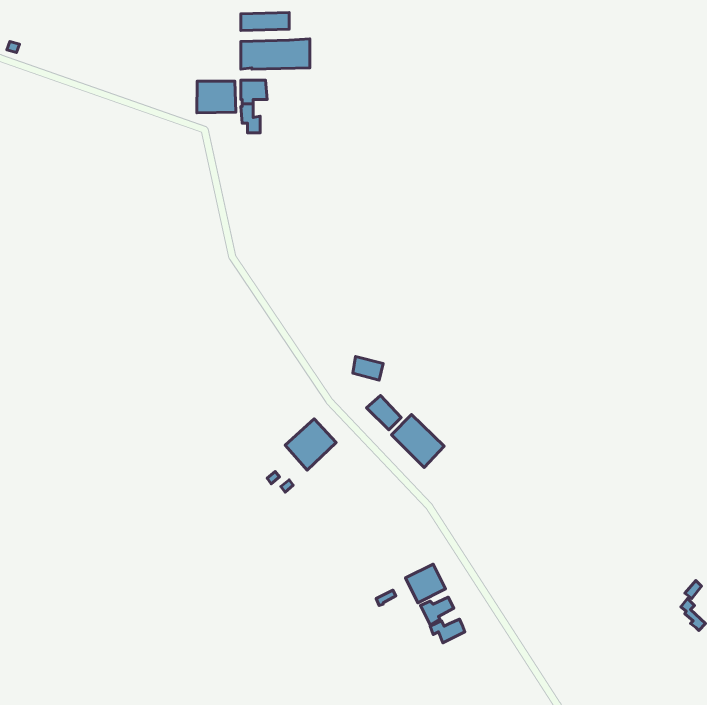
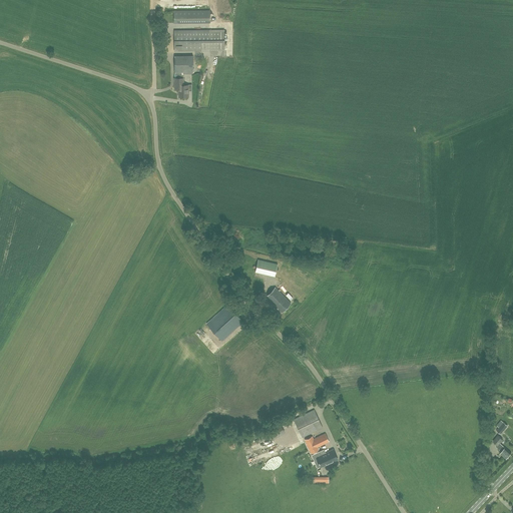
building: [197,81,236,113] -> none
building: [391,415,444,468] -> none

